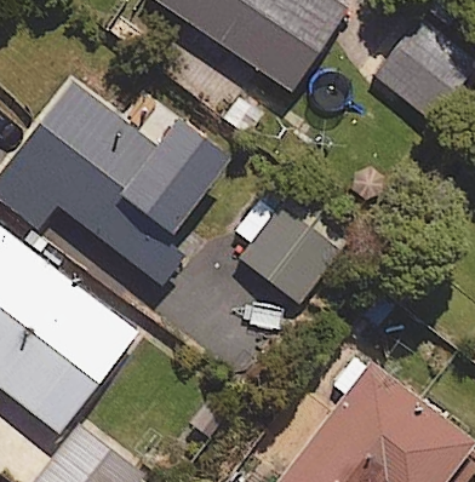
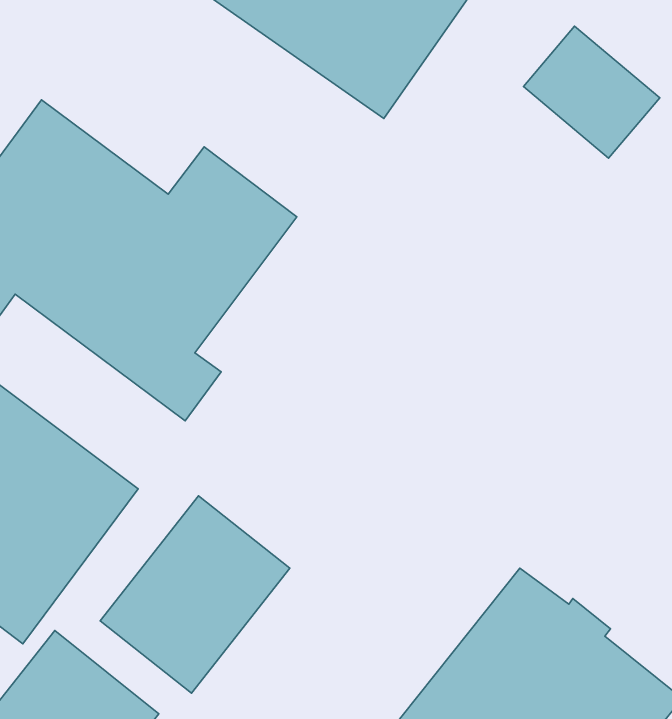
building: [233,191,337,302] -> none
building: none -> [100,496,290,693]

